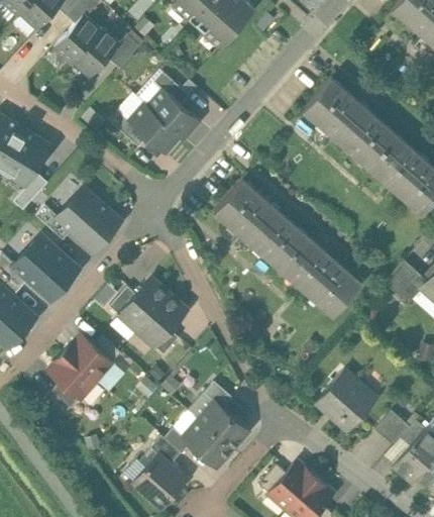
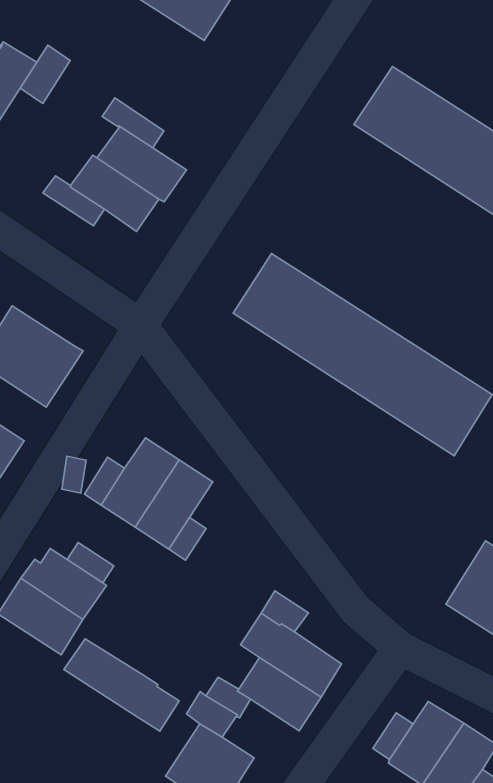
building: none -> [64,639,179,731]

